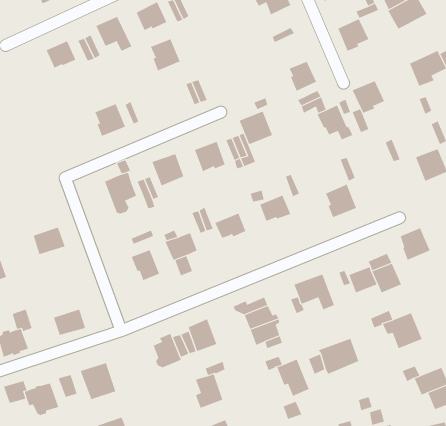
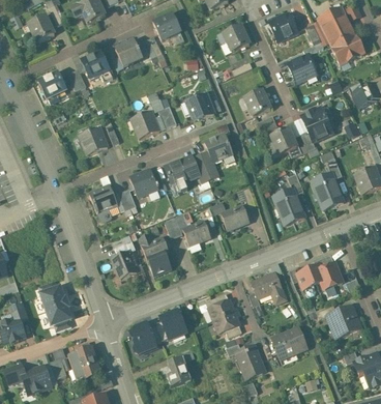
building: [150,38,181,71] -> [134,111,159,139]
building: none -> [188,93,214,121]
building: [33,227,66,255] -> [40,286,68,310]
building: [400,228,430,260] -> [317,181,343,209]

